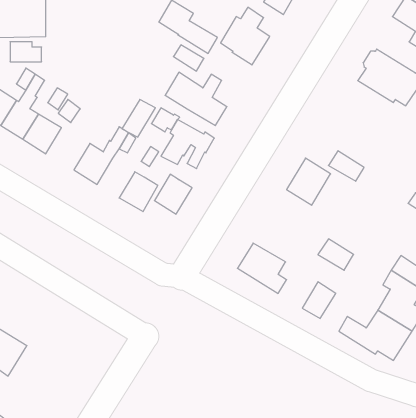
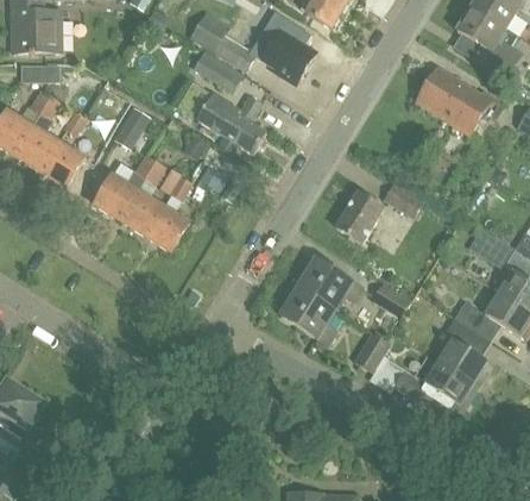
building: [122,99,155,137] -> [114,106,152,149]
building: [154,174,192,214] -> [120,189,163,234]
building: none -> [297,256,361,307]

